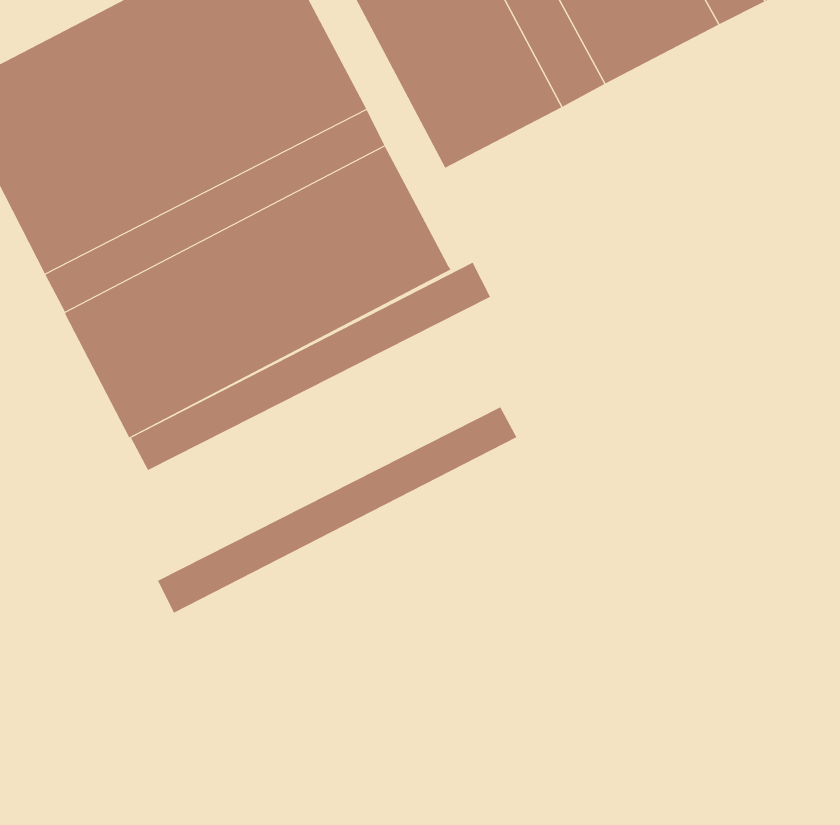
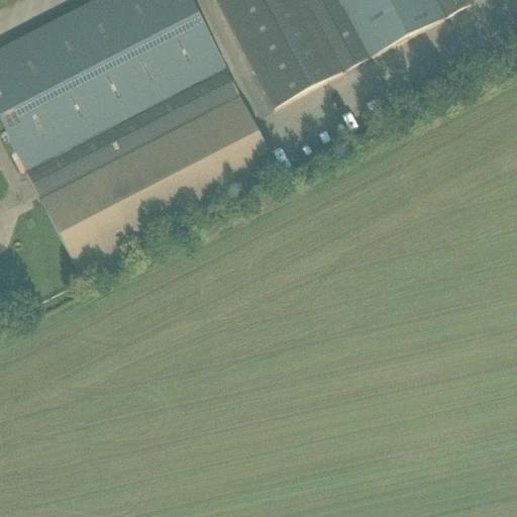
building: [130,262,491,471] -> none
building: [157,407,517,613] -> none

